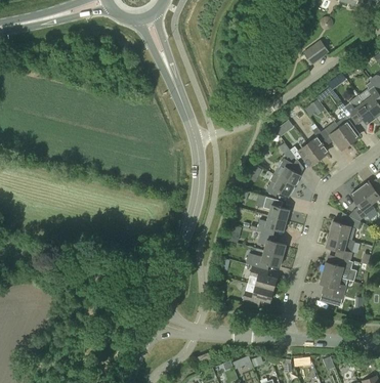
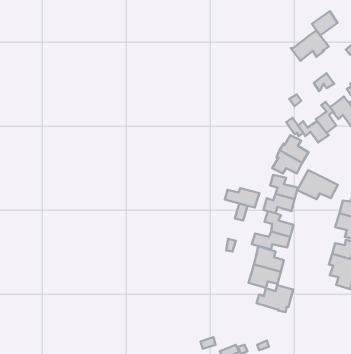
building: none -> [291,30,329,61]
building: none -> [297,170,338,199]
building: none -> [225,188,260,208]
building: none -> [257,285,293,312]

